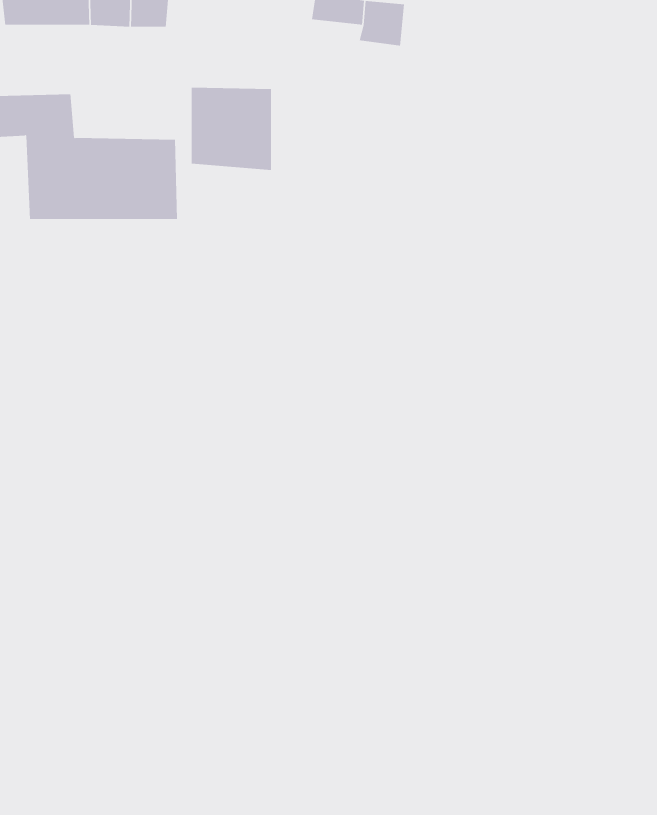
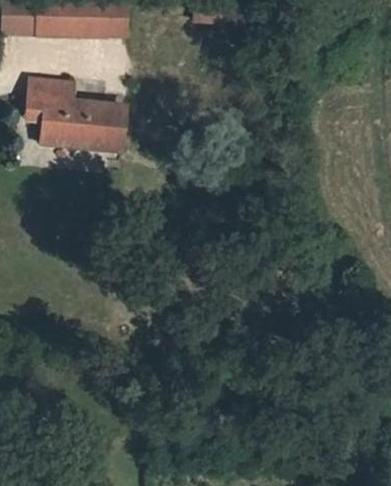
building: [191,87,271,171] -> none

